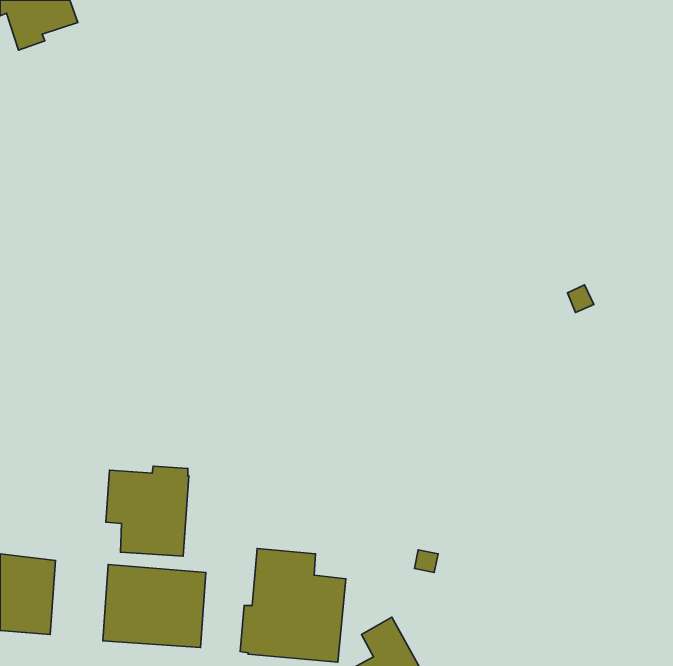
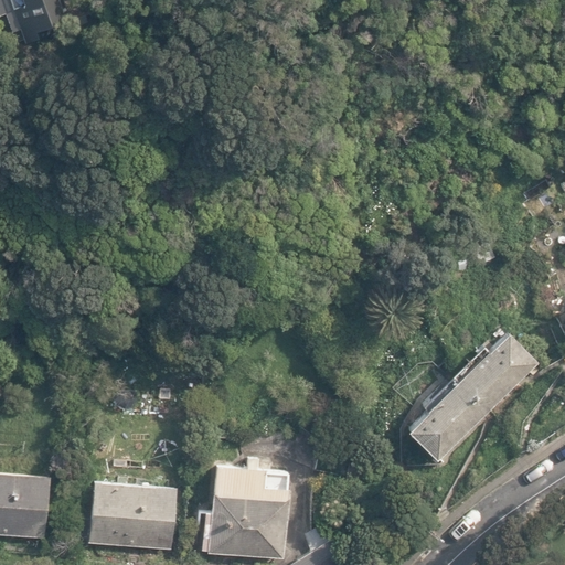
building: none -> [408,334,540,463]
building: [106,466,189,556] -> none

